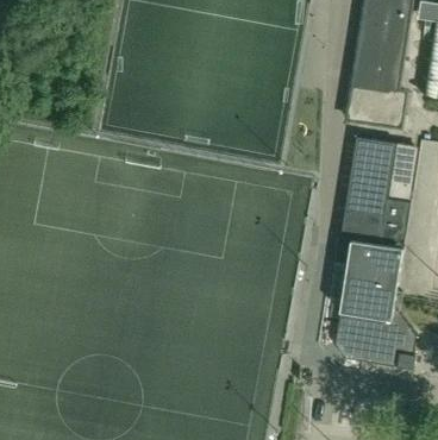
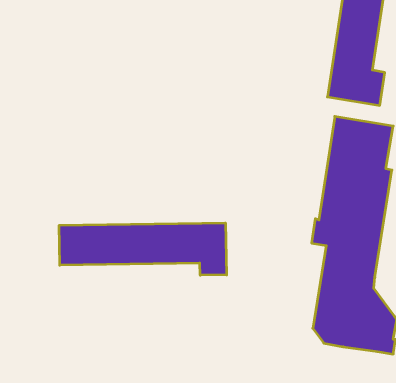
building: none -> [59,223,227,275]

